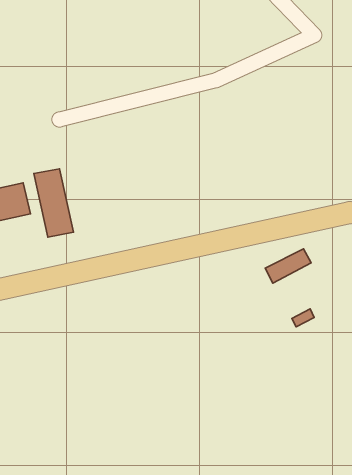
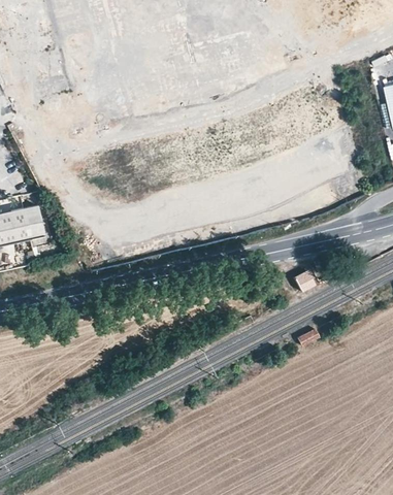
building: [34,169,73,237] -> none

